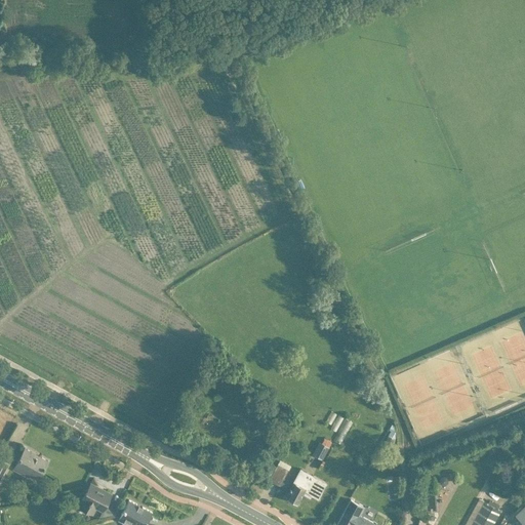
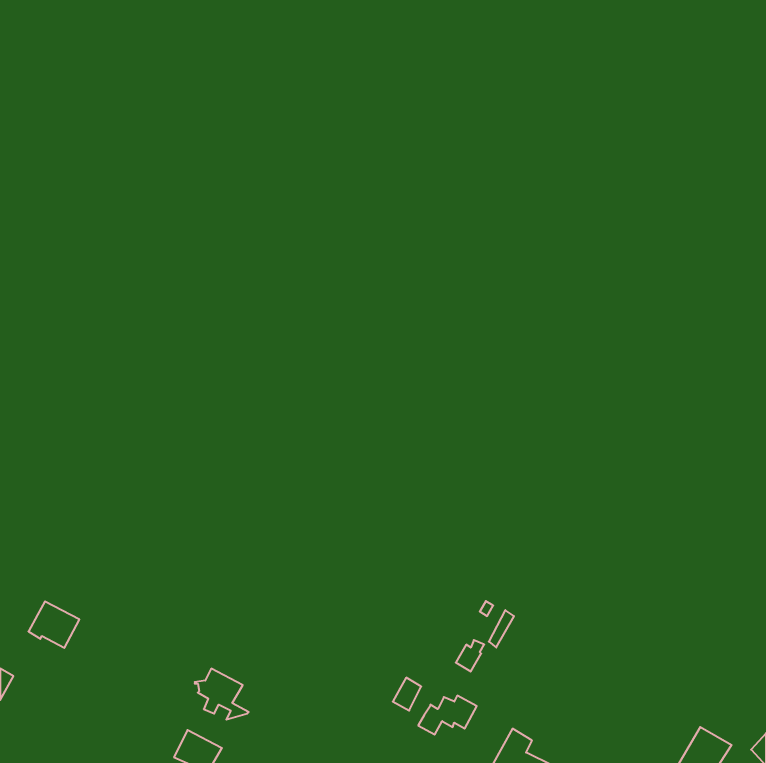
building: [13,450,48,482] -> [28,601,79,648]
building: [79,485,116,520] -> [195,669,249,720]

